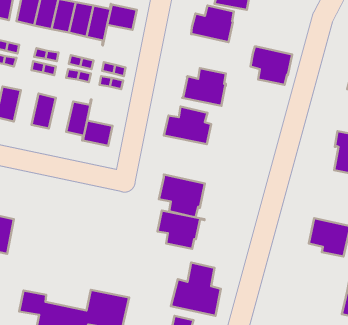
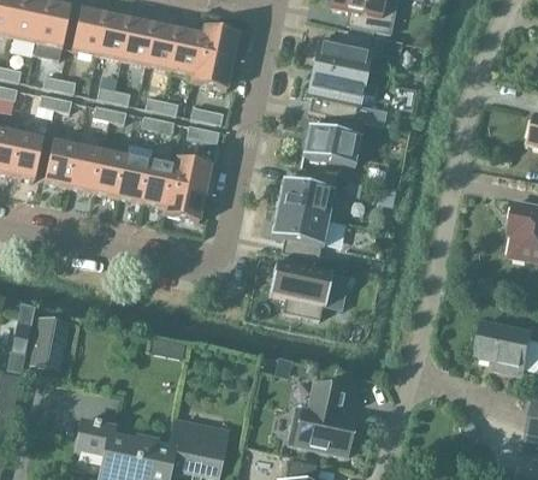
building: none -> [191,54,232,90]
building: [250,46,292,85] -> [307,67,365,120]
building: none -> [69,144,102,192]
building: none -> [117,155,150,202]
building: none -> [170,158,211,194]
building: [157,210,204,249] -> [270,207,335,260]

